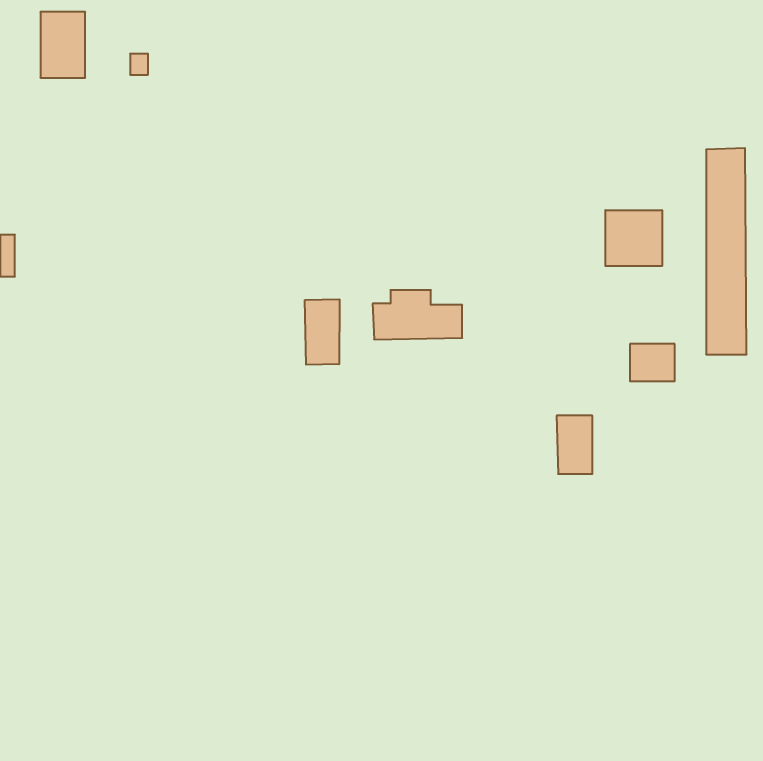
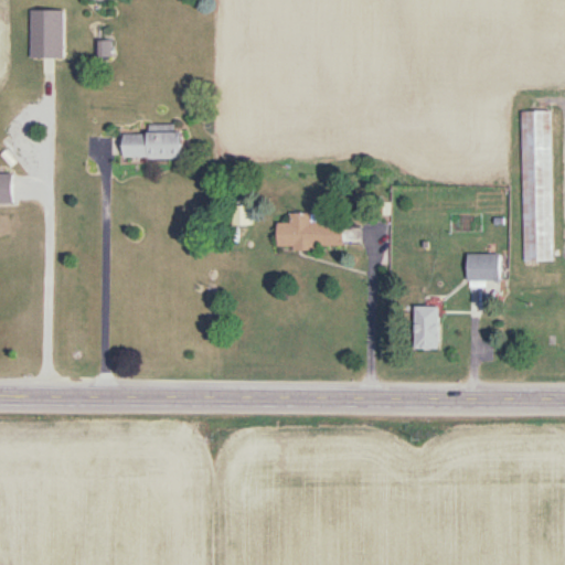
building: none -> [121,124,180,159]
building: [605,210,662,266] -> none
building: [305,299,339,365] -> none

